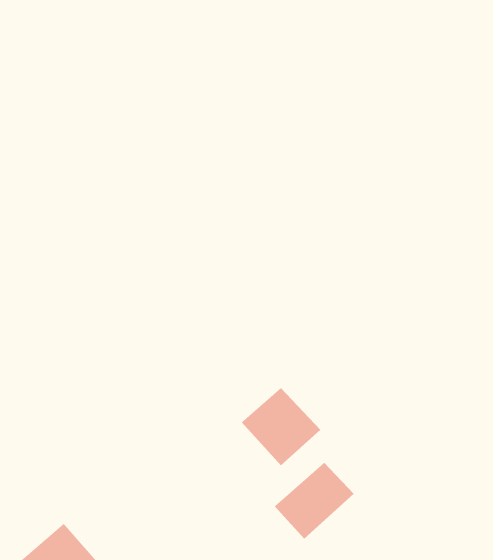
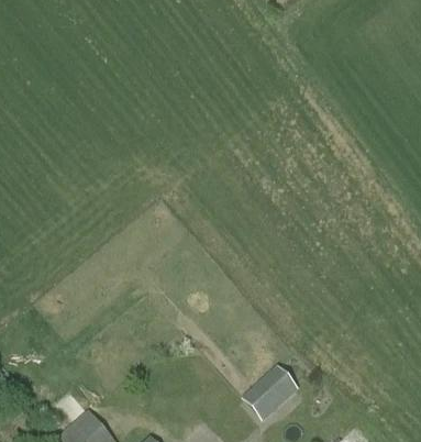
building: [241,387,321,466] -> none

